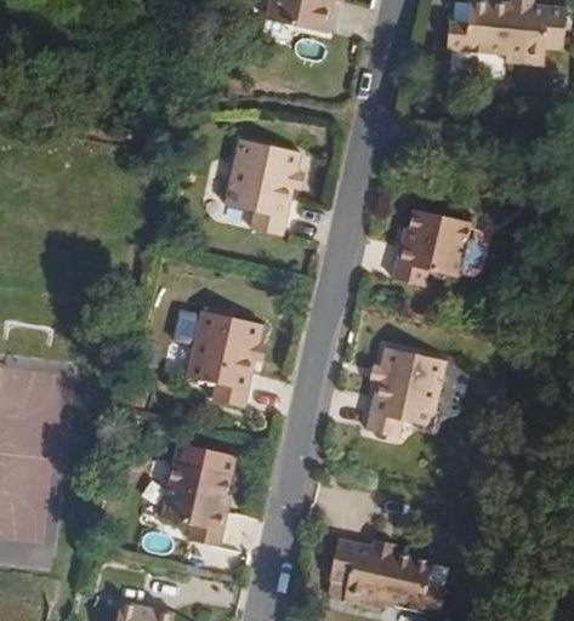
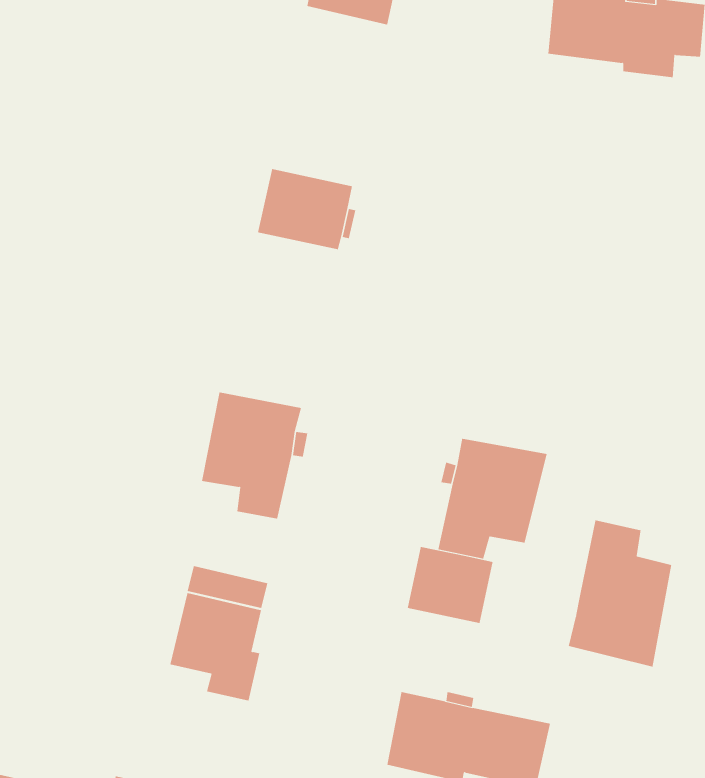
building: [225,188,290,234] -> none
building: [393,206,471,284] -> none
building: none -> [568,520,672,668]
building: none -> [407,546,493,624]

